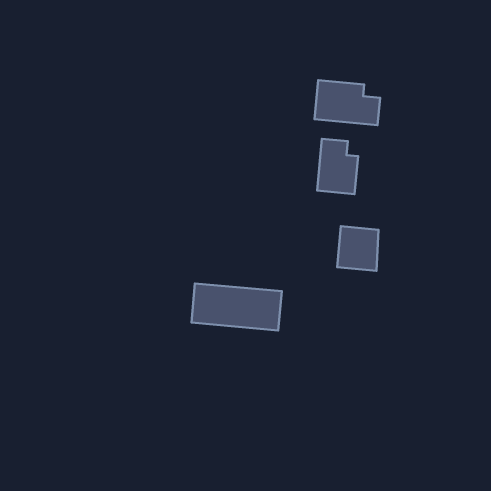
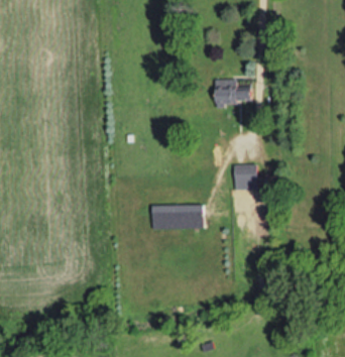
building: [317,139,358,194] -> none

